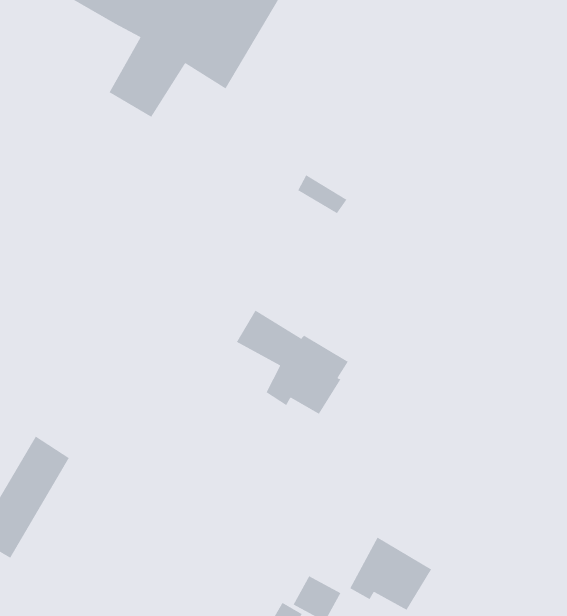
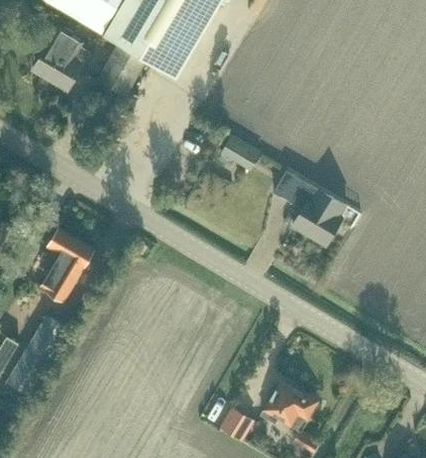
building: none -> [32,24,91,91]
building: [236,310,349,415] -> [272,169,348,241]
building: none -> [39,228,95,301]

